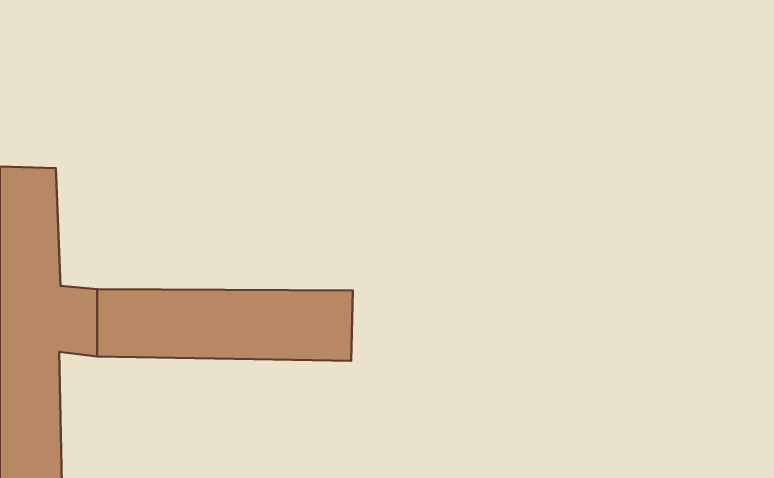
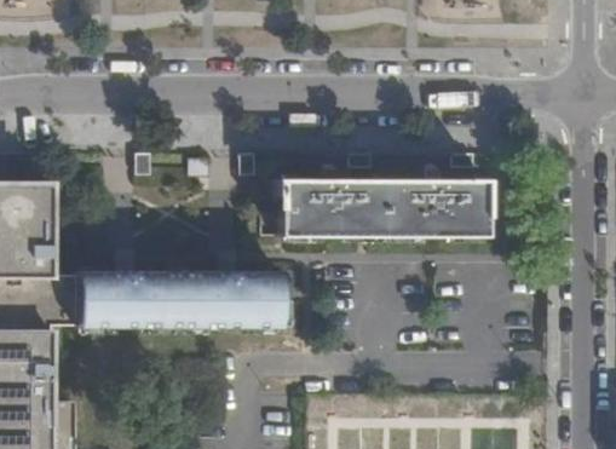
building: none -> [282,177,488,234]

